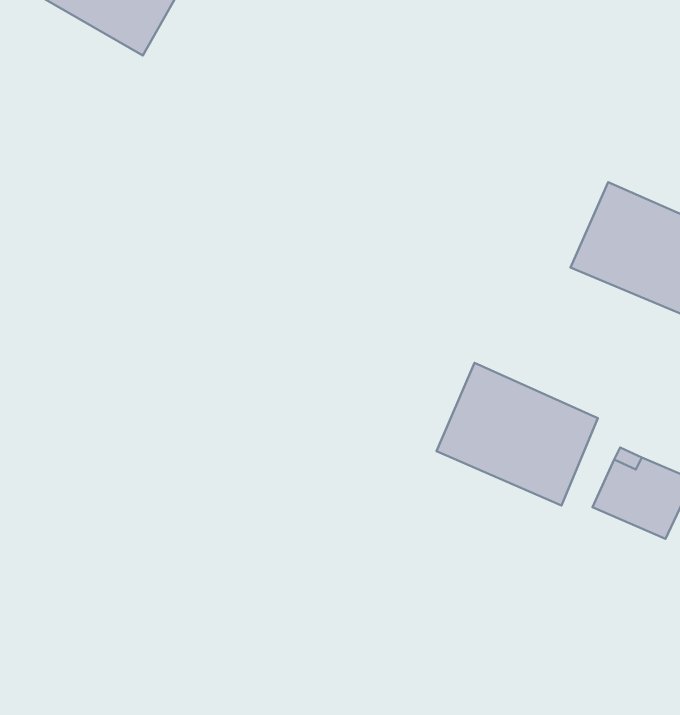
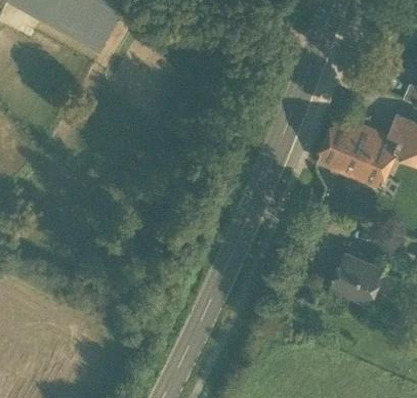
building: [436,363,598,505] -> none

